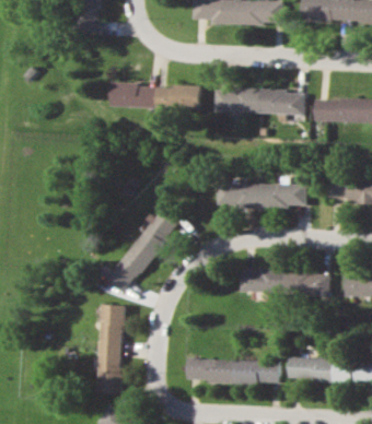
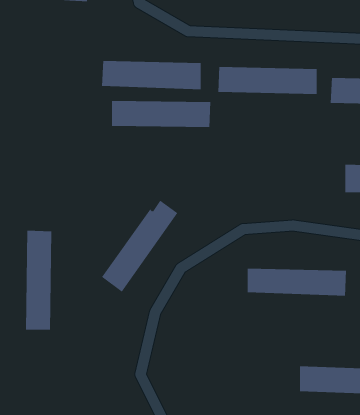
building: [217,184,306,208] -> [111,101,211,127]
building: [98,305,123,394] -> [25,230,52,330]
building: [185,360,279,385] -> none

